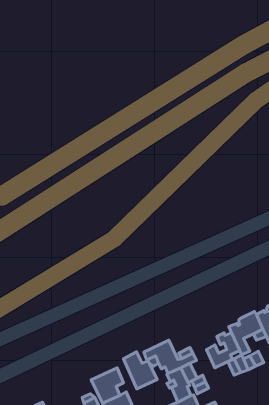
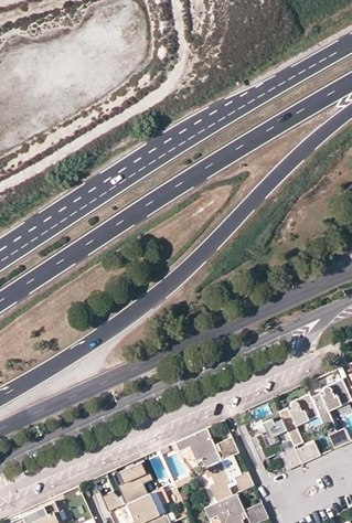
building: [123,352,157,389] -> none

